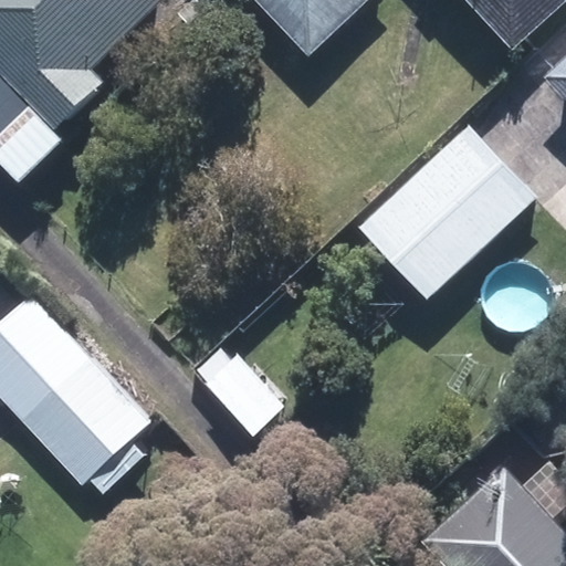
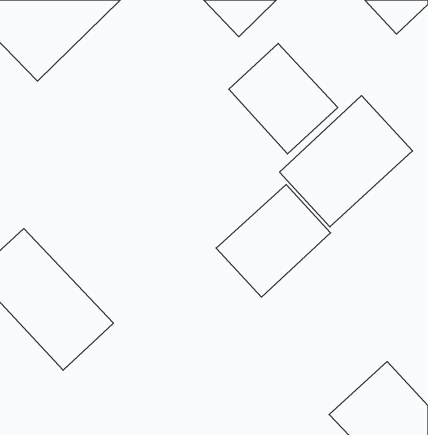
building: none -> [229,43,338,154]
building: none -> [216,185,331,297]

